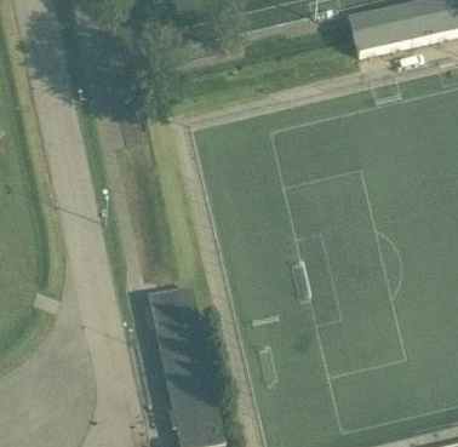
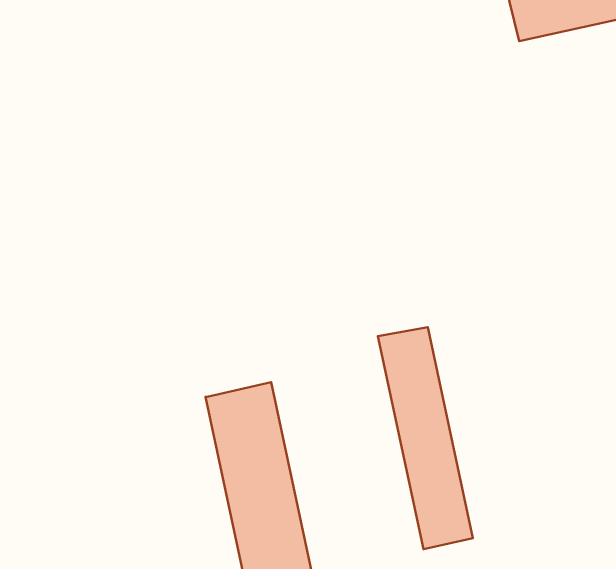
building: none -> [378,327,473,549]

